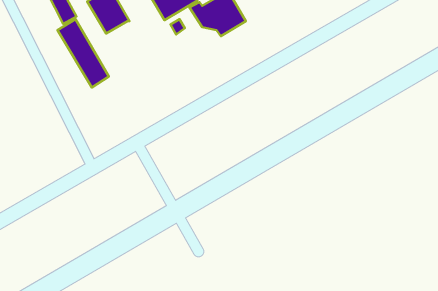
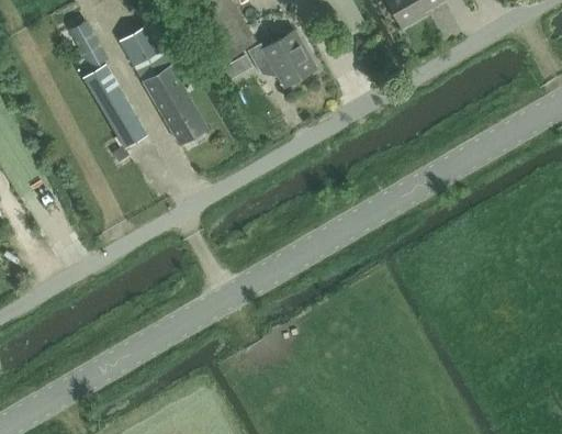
building: none -> [143,66,207,145]

